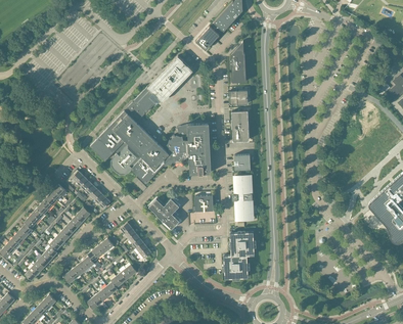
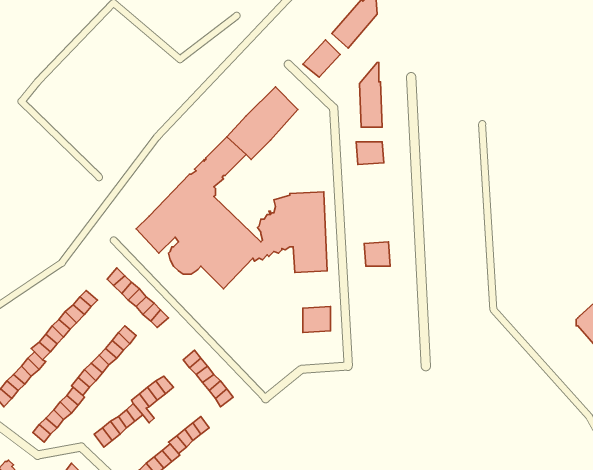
building: [232,111,249,141] -> none
building: [232,176,252,220] -> none
building: [148,198,179,229] -> none
building: [224,232,254,278] -> none

